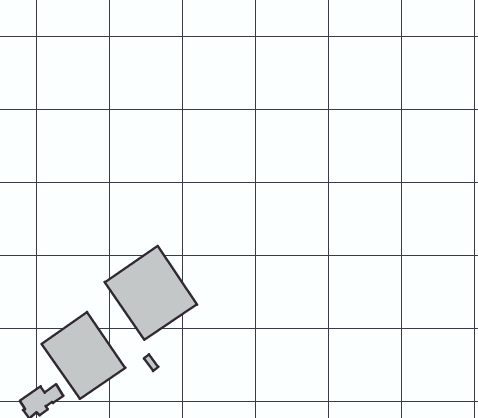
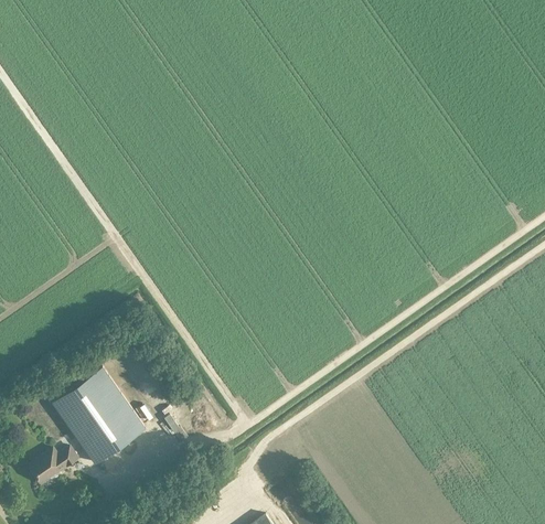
building: [105,246,197,340] -> none

